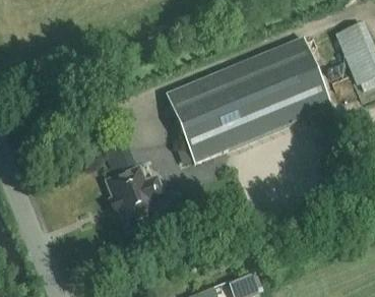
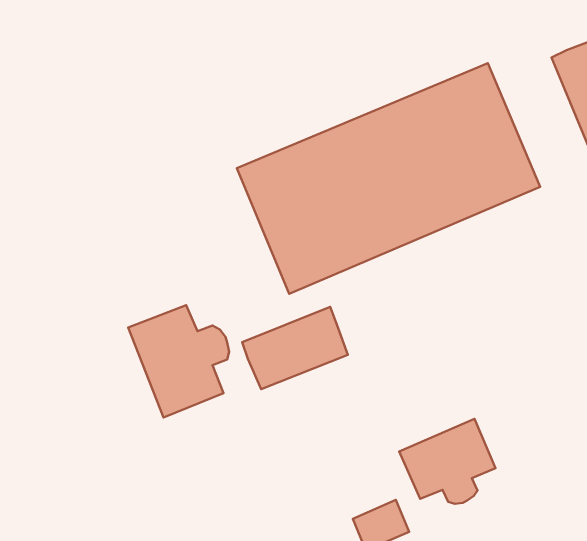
building: none -> [242,307,348,389]
building: none -> [399,419,496,504]

